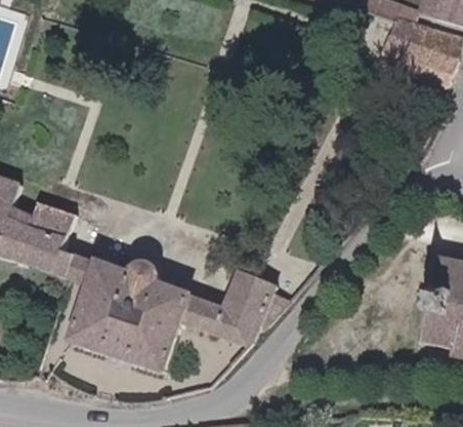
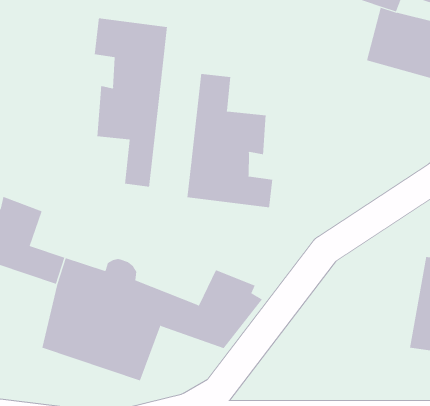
building: none -> [94,18,167,187]
building: none -> [187,73,273,208]

